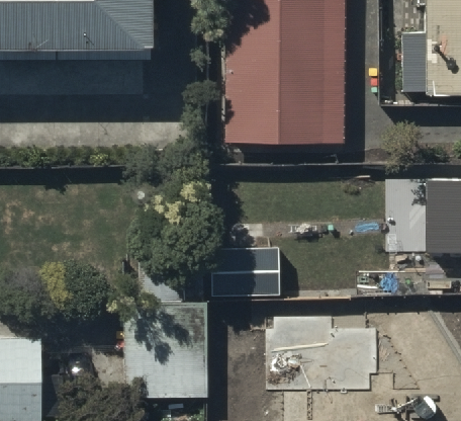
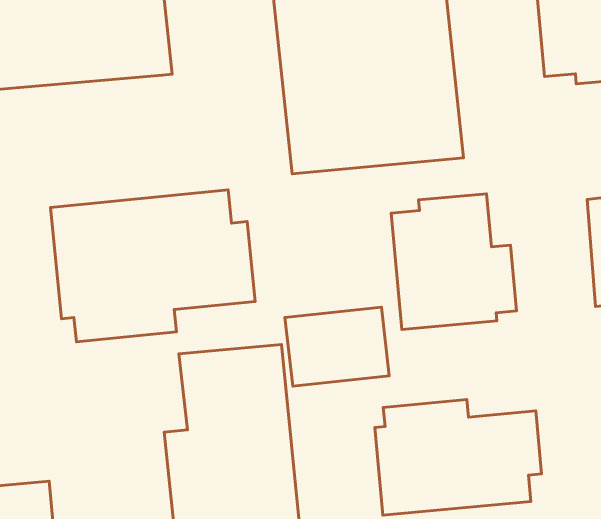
building: none -> [51,190,255,342]
building: none -> [391,194,517,330]

